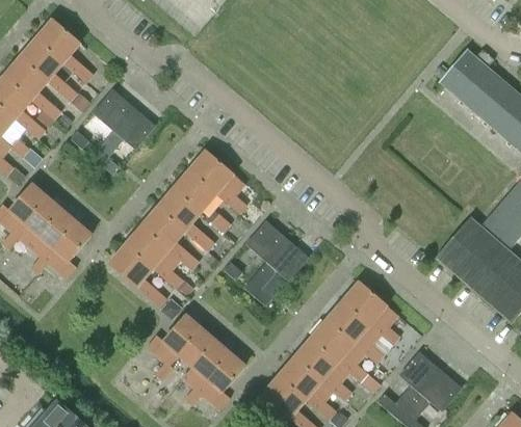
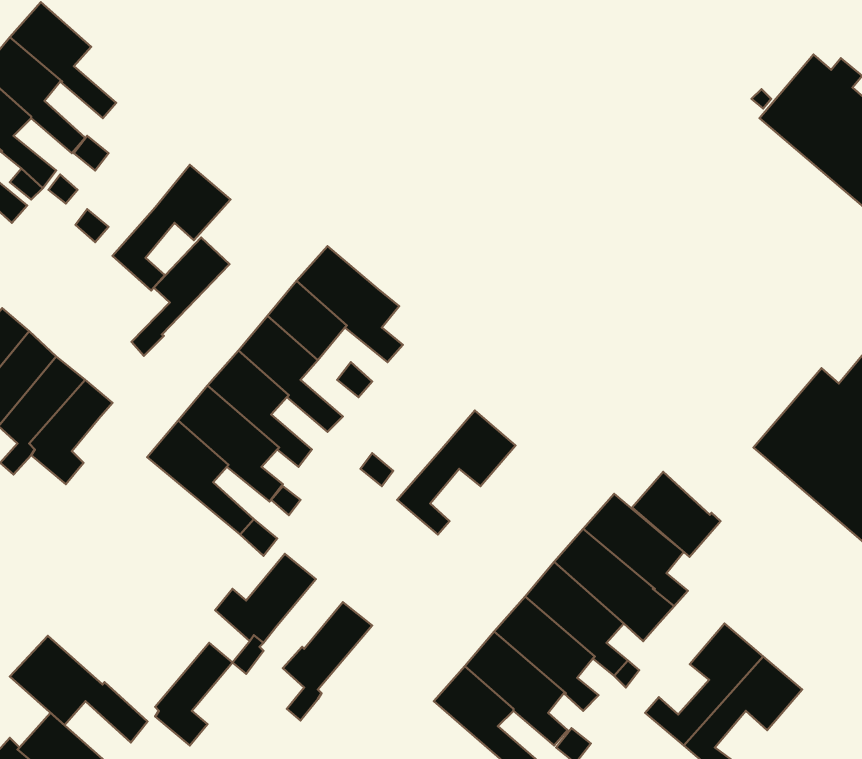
building: [95,90,133,130] -> none
building: none -> [131,237,229,356]
building: [248,222,286,261] -> none
building: none -> [632,472,720,557]
building: [180,329,215,367] -> none
building: [202,354,243,409] -> [155,643,233,746]
building: none -> [10,636,148,743]

